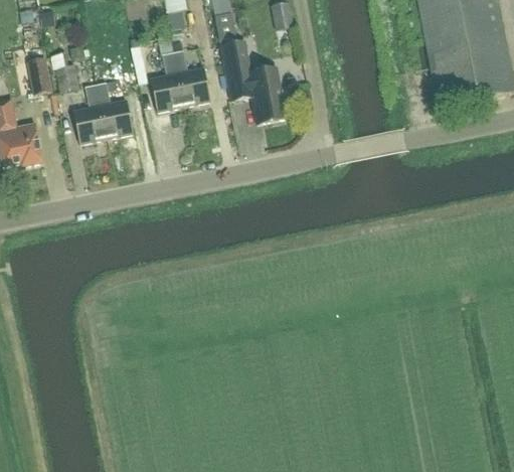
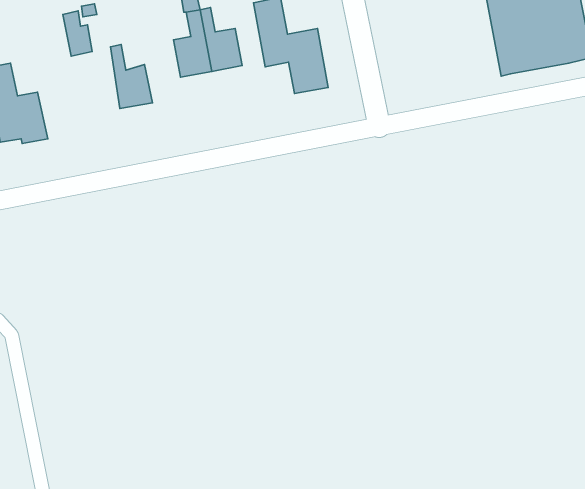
building: [27,57,53,95] -> none
building: [74,83,106,142] -> none

